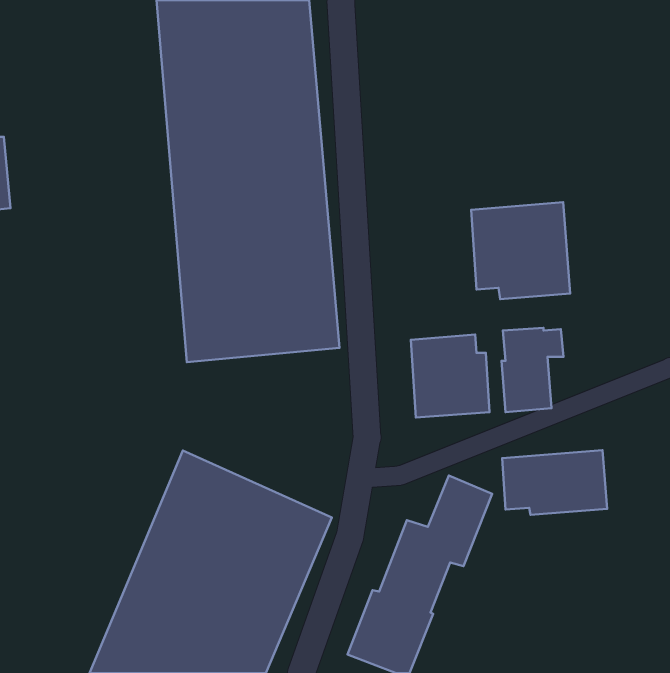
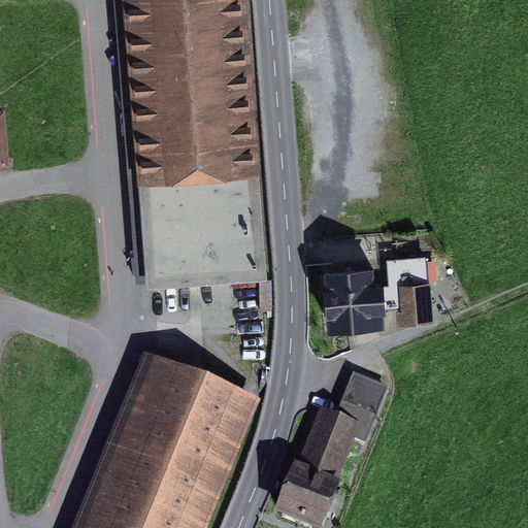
building: [471,202,570,299] -> none
building: [502,450,607,515] -> none

